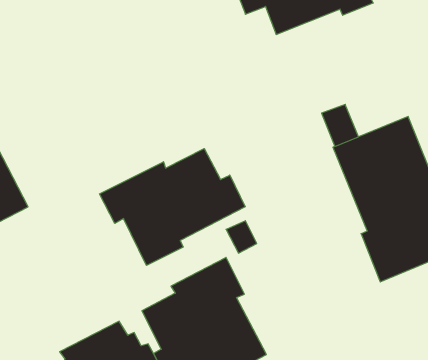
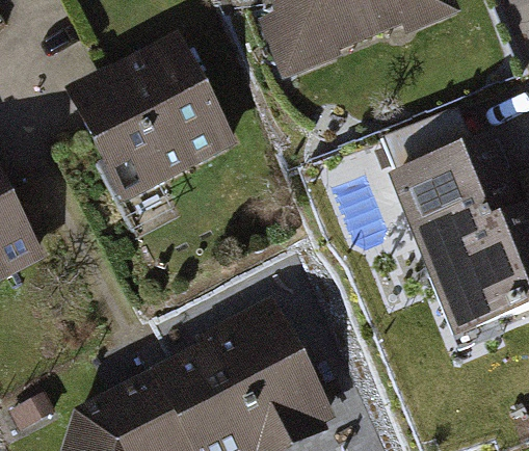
building: none -> [78,55,229,201]
building: [100,149,245,265] -> none

